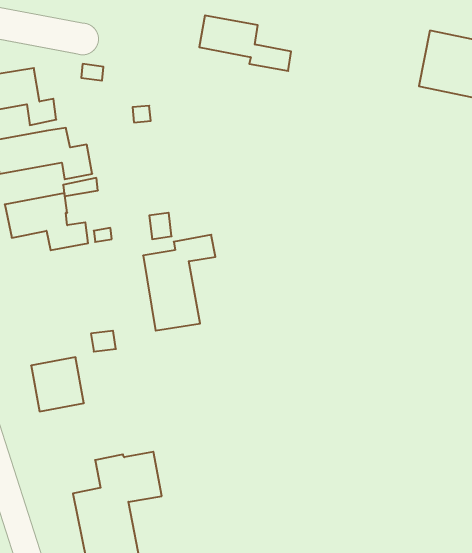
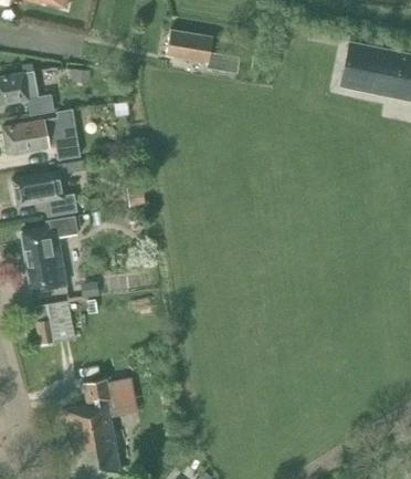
building: [143,235,215,331] -> [21,216,78,292]

